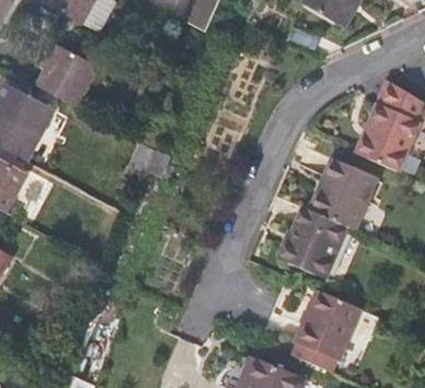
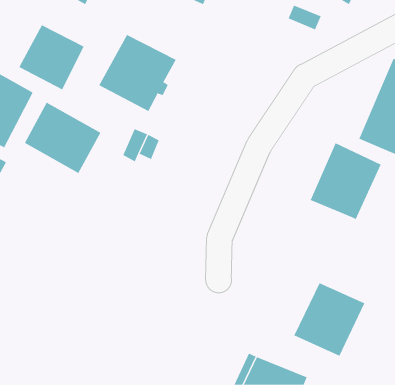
building: none -> [99,34,176,112]
building: none -> [24,102,101,174]
building: [278,210,348,281] -> none

